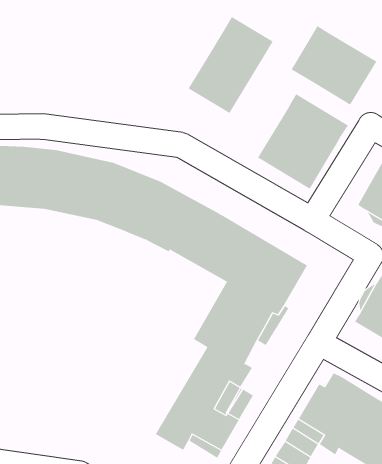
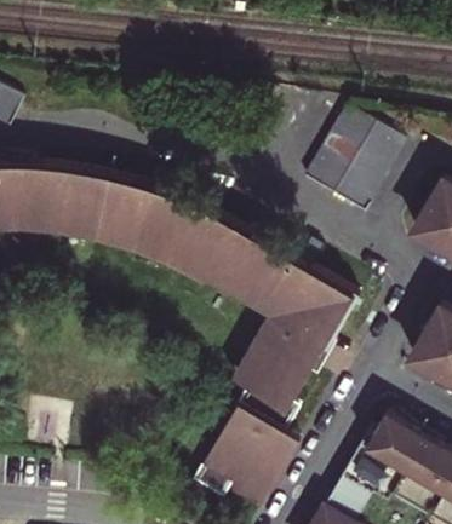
building: [188,16,274,114] -> none
building: [291,25,377,106] -> none

